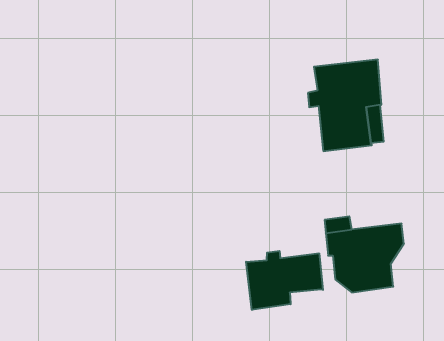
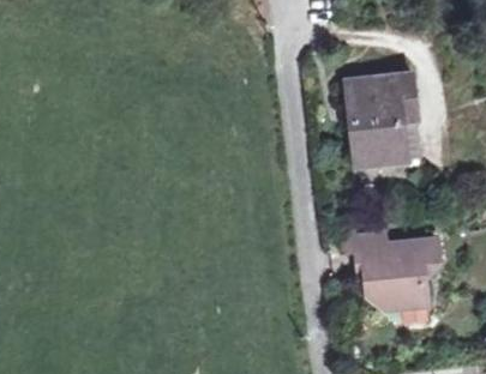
building: [246,251,323,310] -> none

